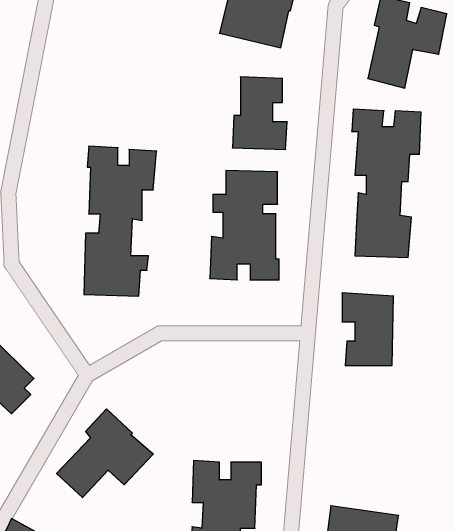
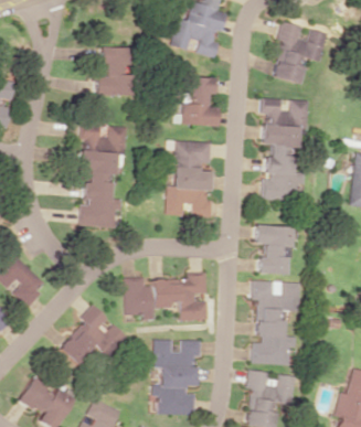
building: none -> [96,46,134,95]
building: none -> [125,271,209,320]
building: none -> [253,280,300,364]

